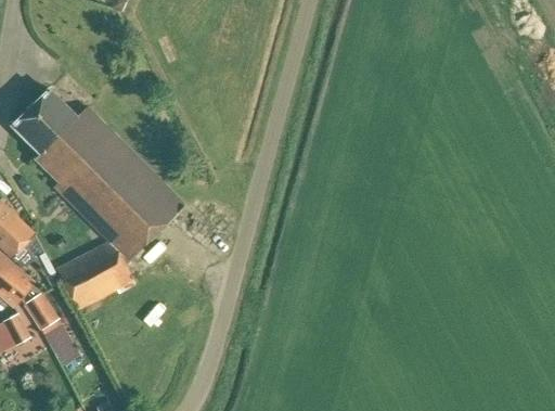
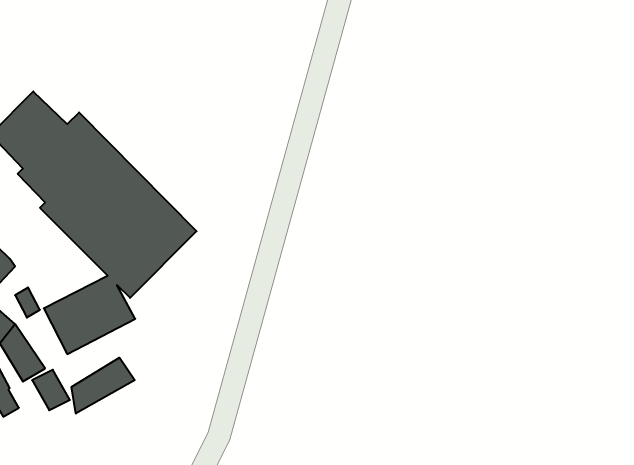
building: none -> [72,358,135,414]

